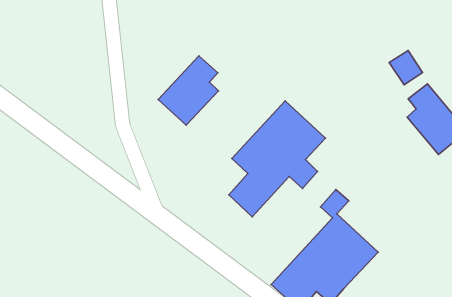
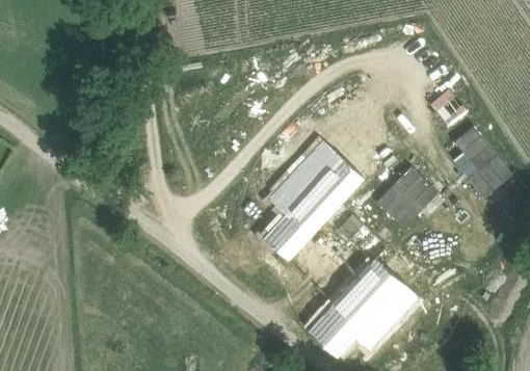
building: [158,56,218,125] -> none
building: none -> [378,167,444,223]

